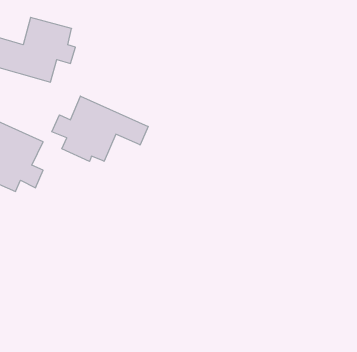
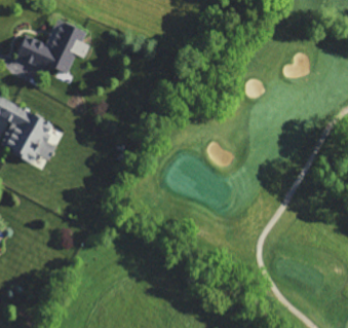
building: [52,96,148,161] -> none

